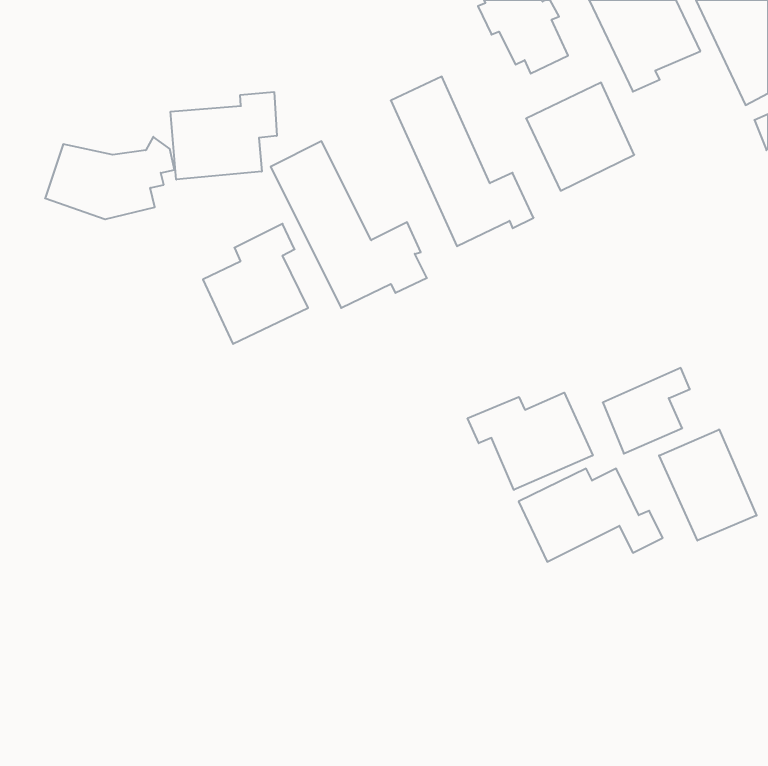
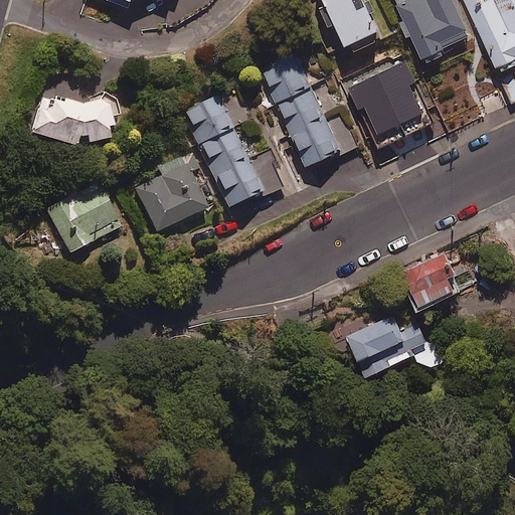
building: [171,92,277,180] -> none
building: none -> [44,183,118,253]
building: [468,393,593,490] -> none
building: [659,429,757,541] -> none

